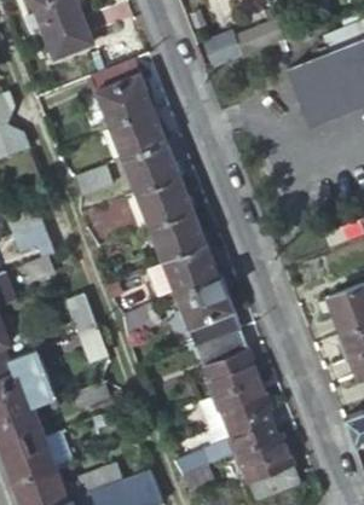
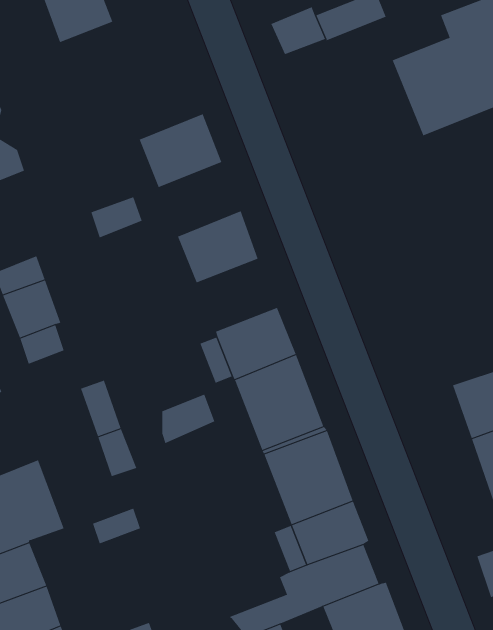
building: [89,59,154,126] -> none
building: [122,141,180,193] -> none
building: [149,209,206,260] -> none

